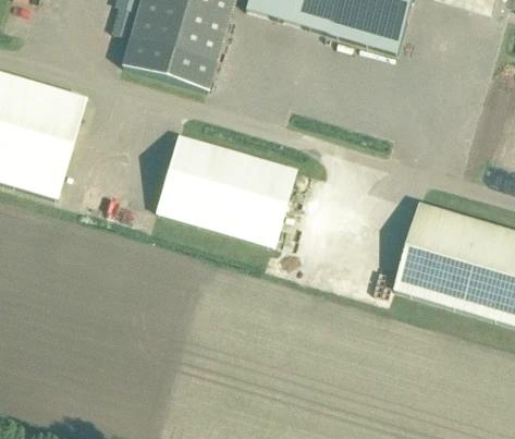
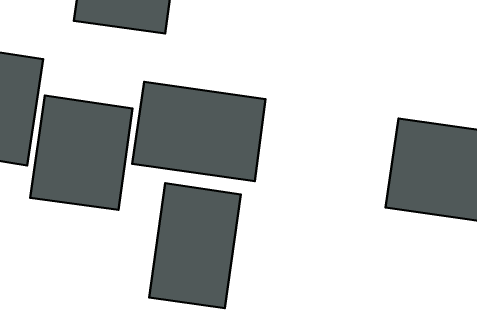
building: none -> [30,95,133,210]
building: none -> [149,183,241,308]

